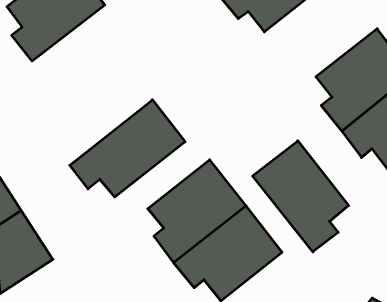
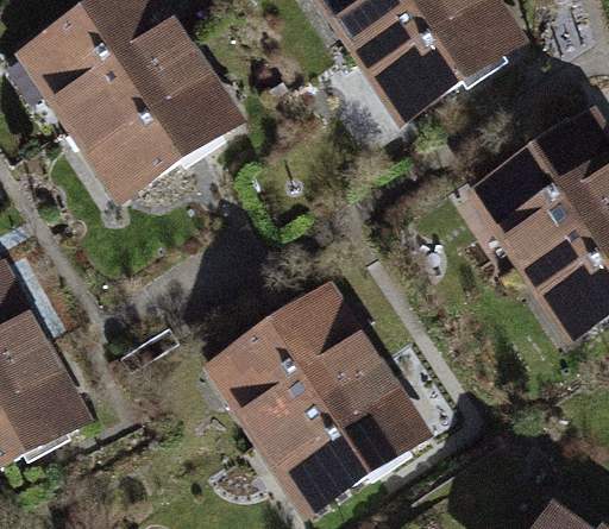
building: none -> [75,48,237,184]
building: [70,100,185,197] -> none
building: [253,141,349,252] -> none

